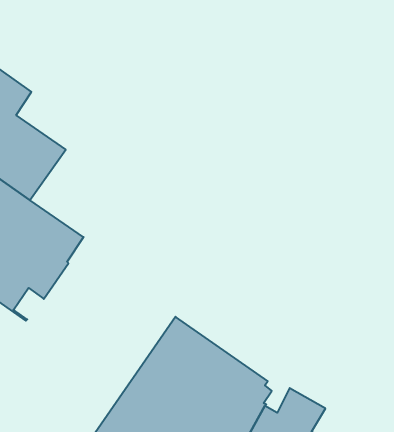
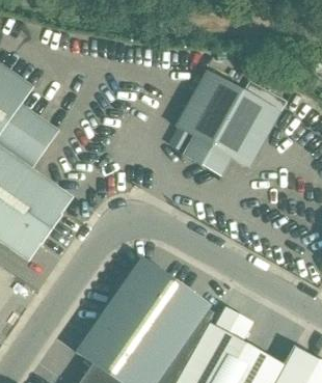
building: none -> [176,70,288,174]

